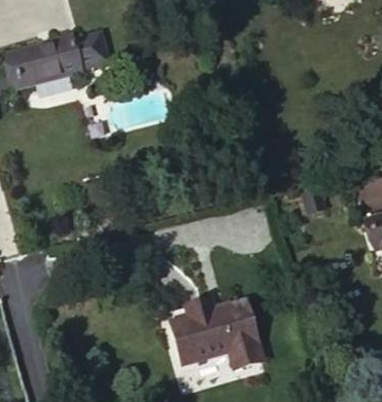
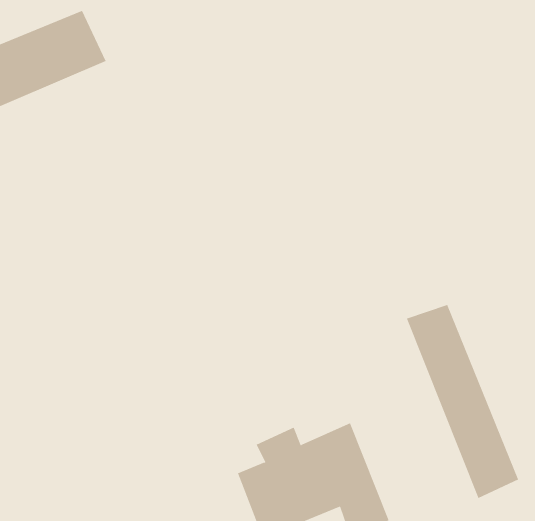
building: none -> [406,304,519,499]

